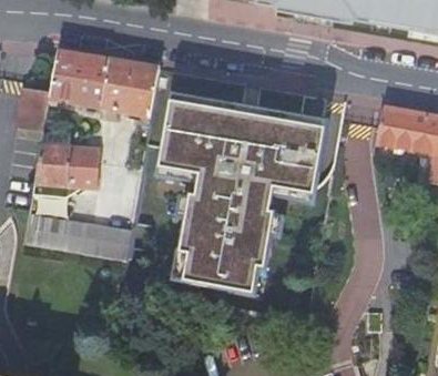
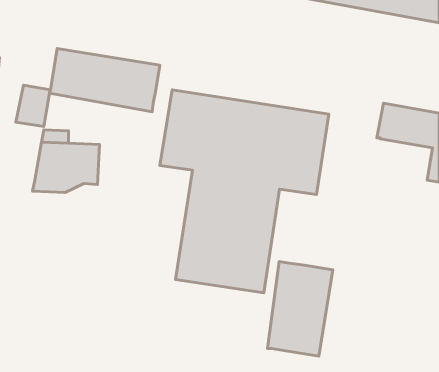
building: [24,213,131,261] -> none
building: none -> [268,261,333,356]

